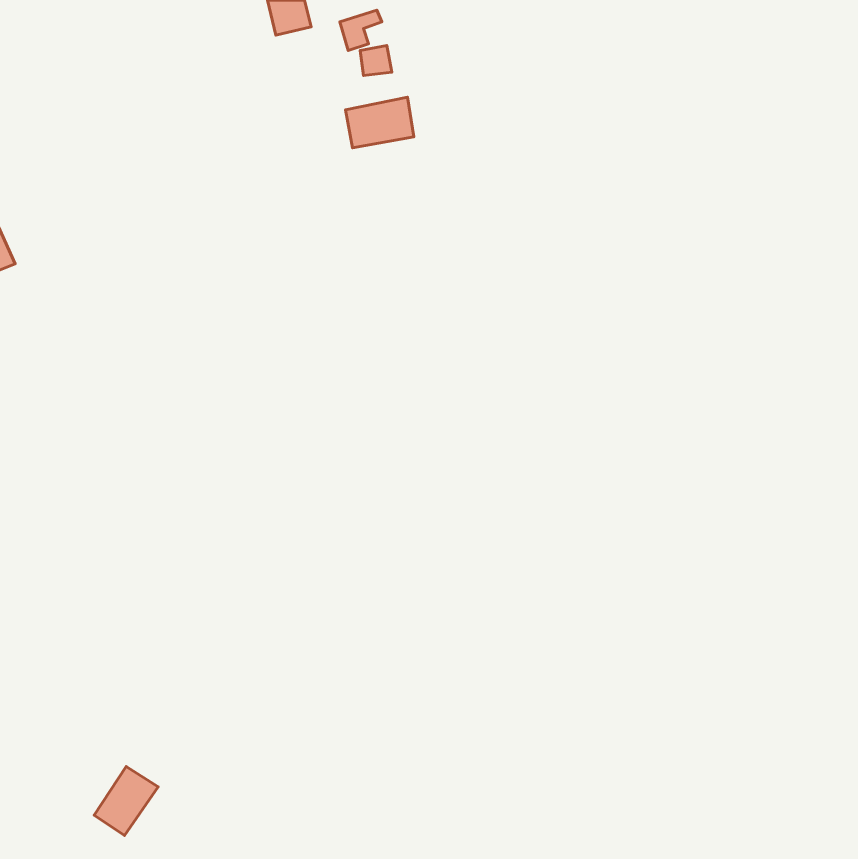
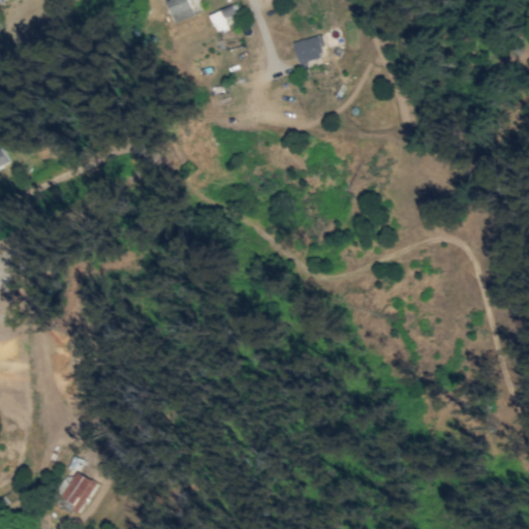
building: none -> [292,35,326,62]
building: [345,97,414,148] -> none

